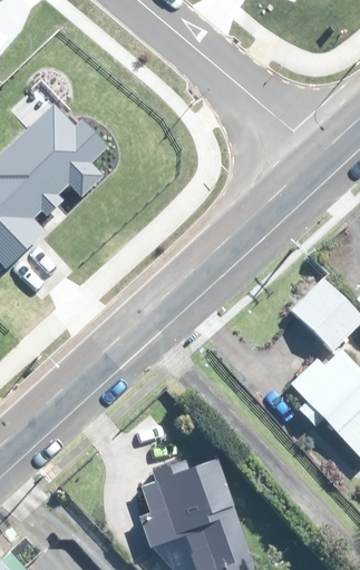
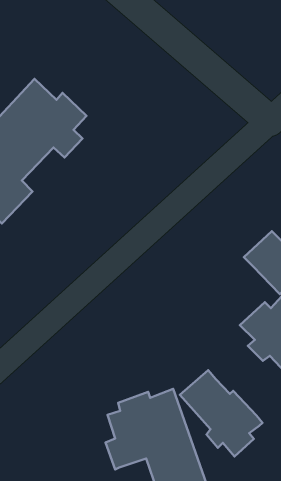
building: none -> [180,370,263,457]

